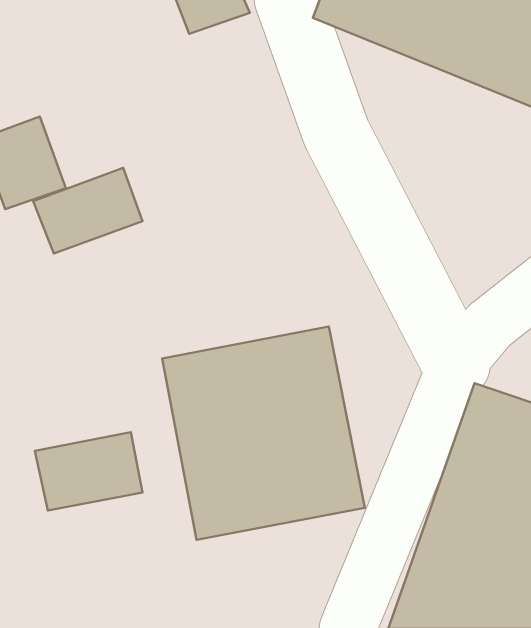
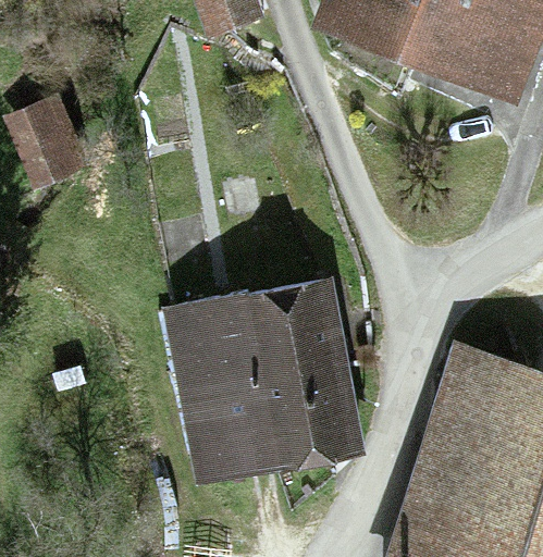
building: [33,168,143,254] -> none
building: [35,432,142,510] -> none

